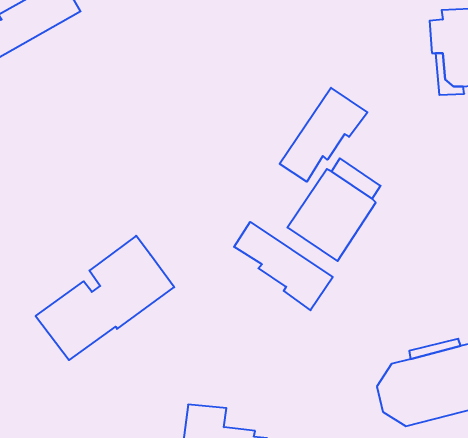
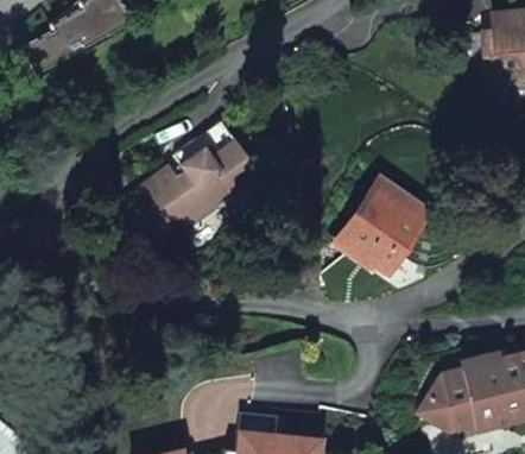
building: [280,88,367,182] -> none
building: [234,222,333,310] -> none
building: [36,236,174,360] -> [121,120,259,244]

